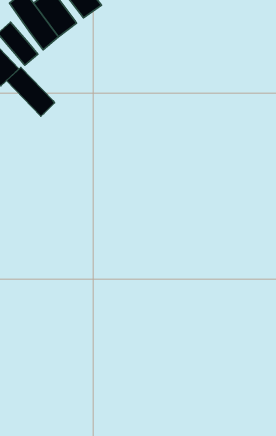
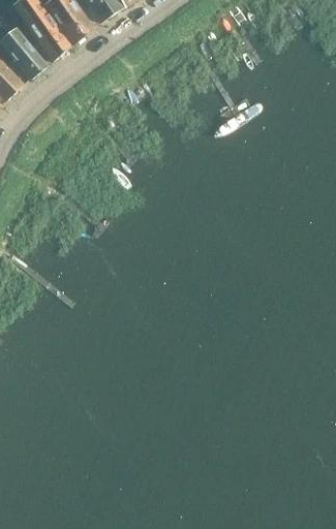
building: [7,67,54,116] -> none

